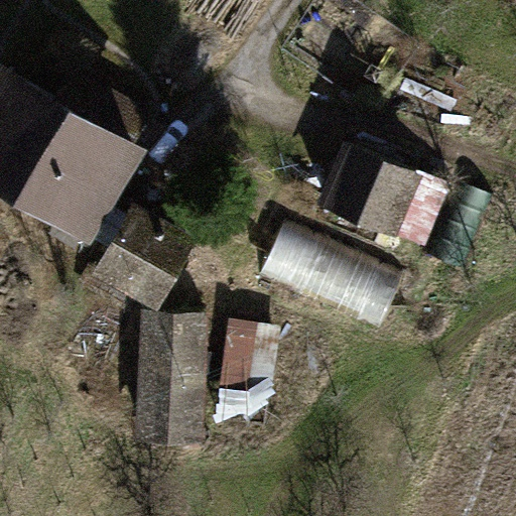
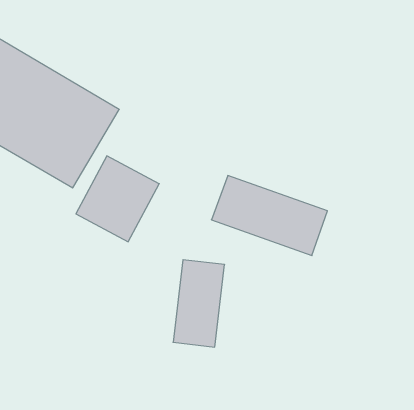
building: [314,150,449,258] -> none
building: [135,310,207,446] -> none

